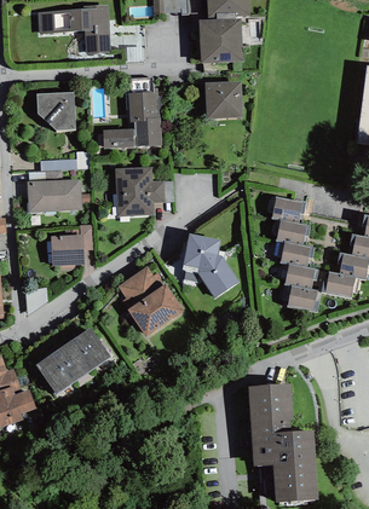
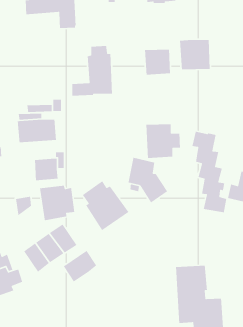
building: [198,18,242,62] -> [179,39,210,70]
building: [36,92,75,129] -> none
building: [115,167,165,216] -> [146,123,181,159]
building: none -> [39,185,75,221]
building: none -> [63,250,97,283]

